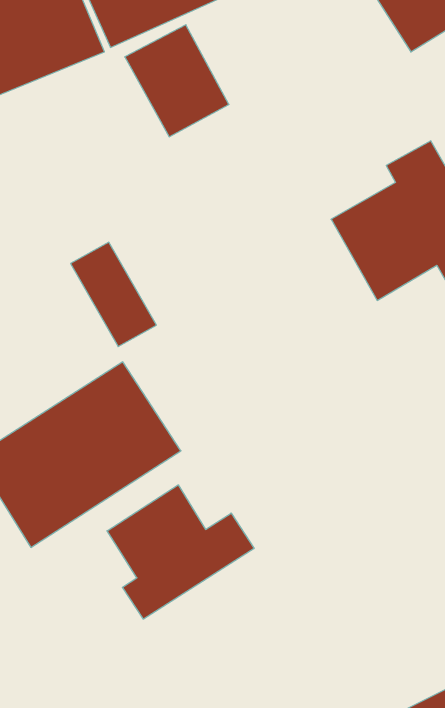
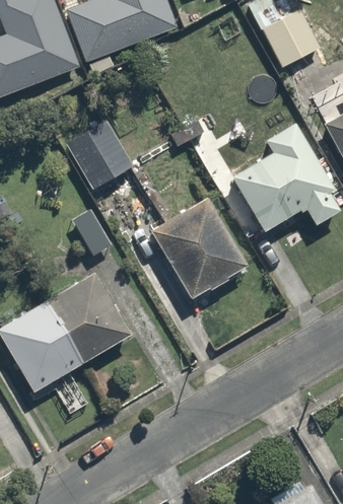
building: [125,25,229,137] -> [64,112,133,186]
building: none -> [147,196,245,297]
building: [107,485,254,619] -> none

